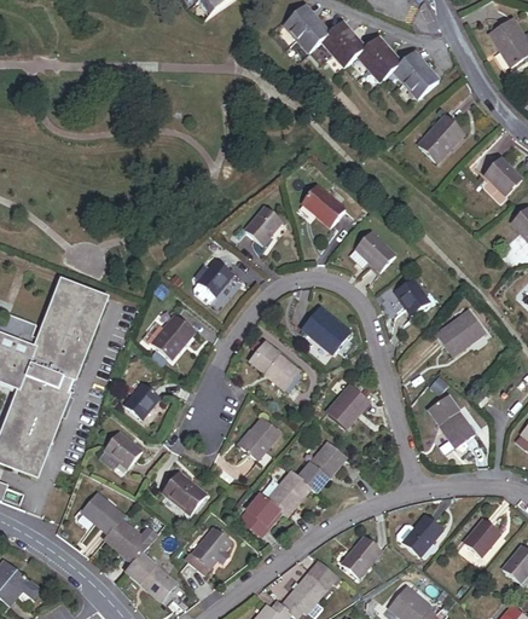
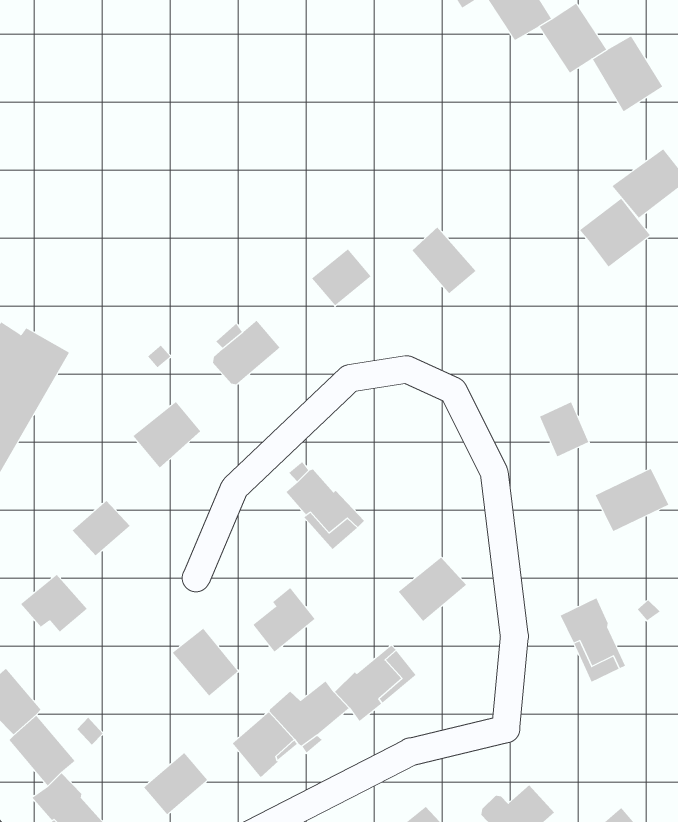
building: none -> [579,198,651,267]
building: [348,231,394,270] -> none
building: [302,306,349,352] -> none
building: [162,472,204,513] -> [172,628,239,697]

